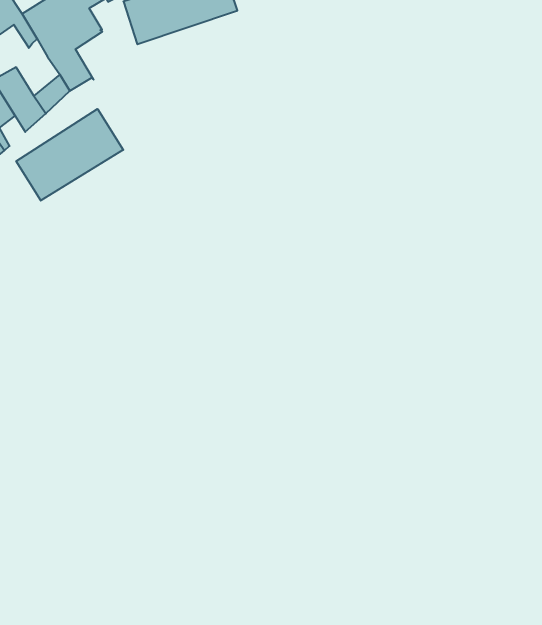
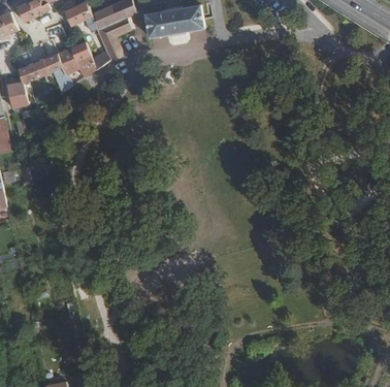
building: [16,109,123,201] -> none

